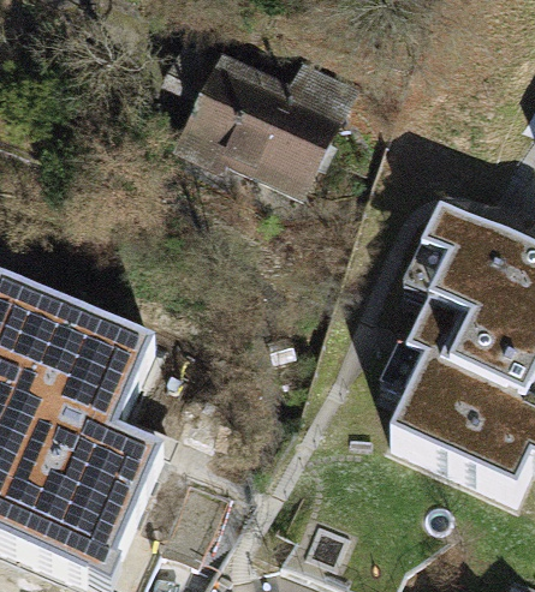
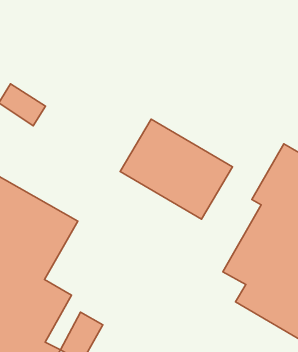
building: [178,66,337,201] -> [120,119,232,219]

